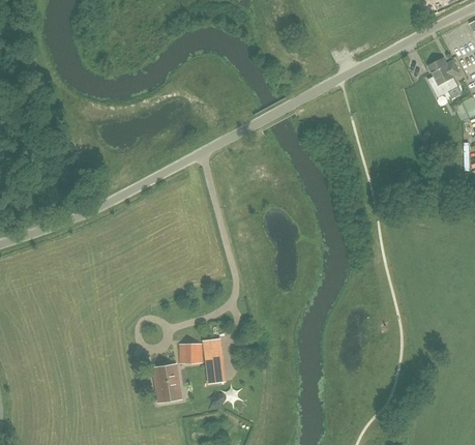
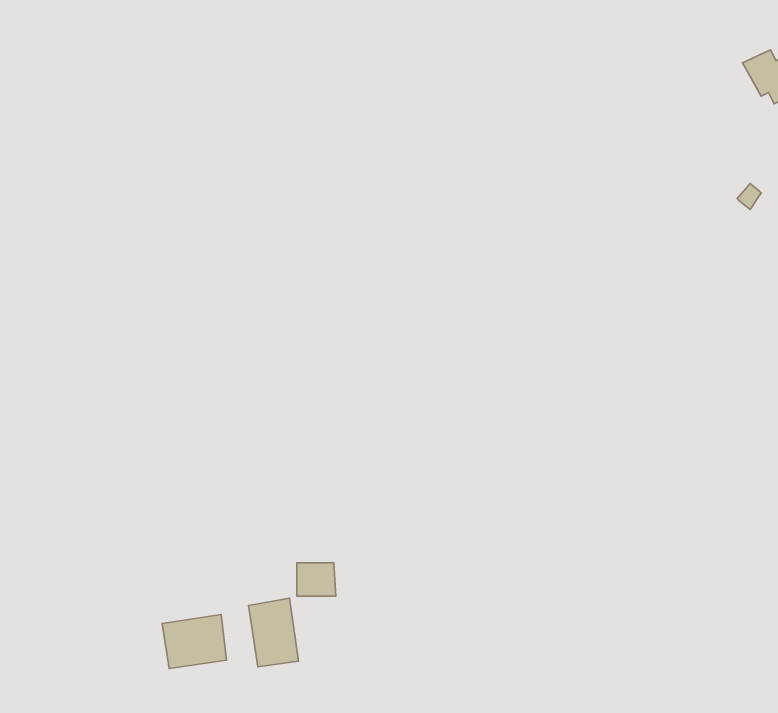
building: [204,338,227,385] -> none
building: none -> [162,615,227,668]

